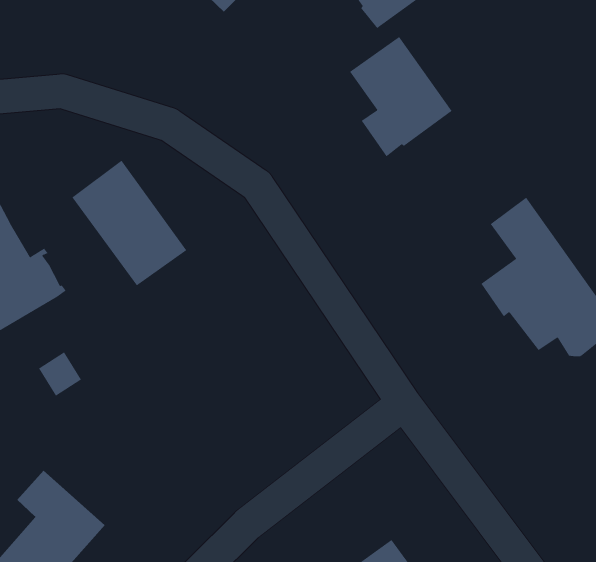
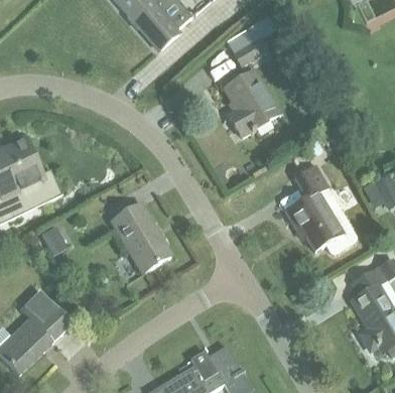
building: [72,160,187,286] -> [111,204,171,273]

